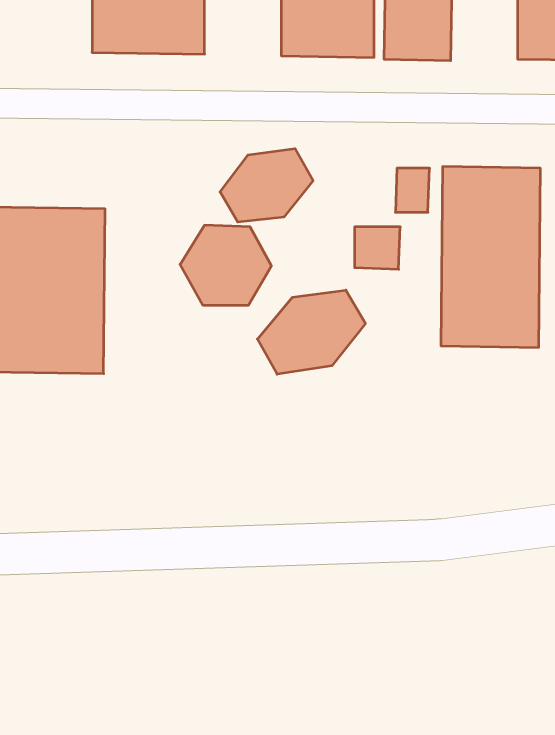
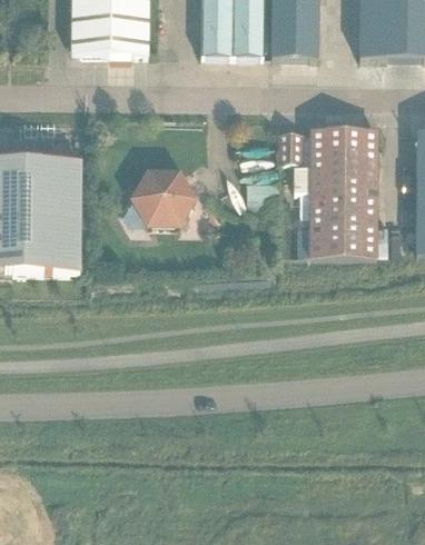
building: [220,149,313,222] -> none
building: [257,290,365,374] -> none

